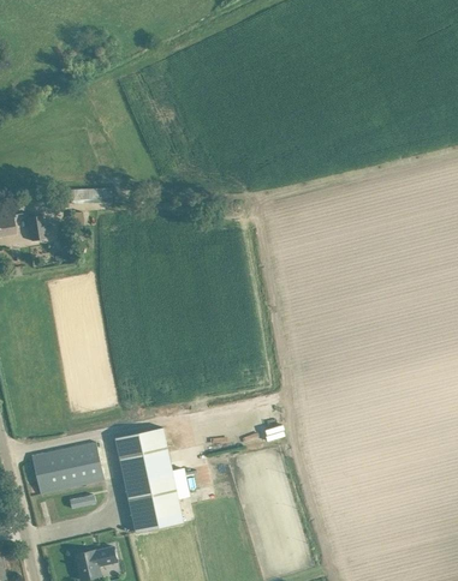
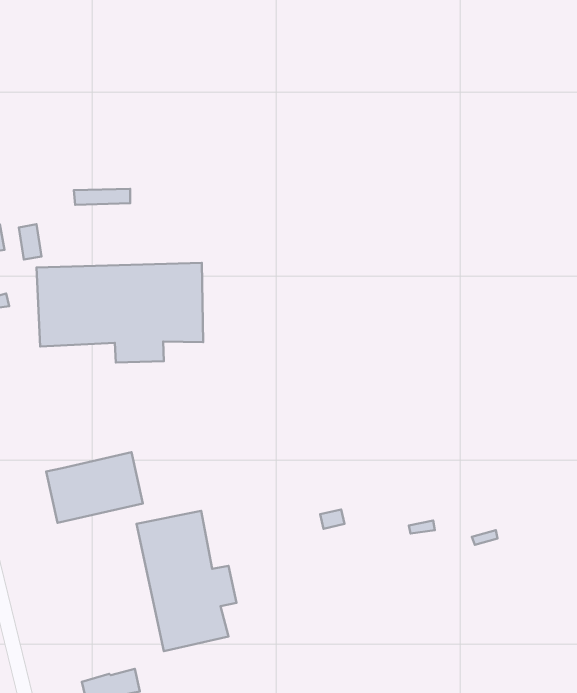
building: none -> [37,263,203,363]
building: [31,441,103,493] -> [46,452,143,523]

